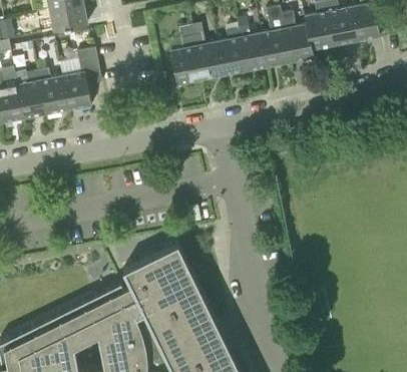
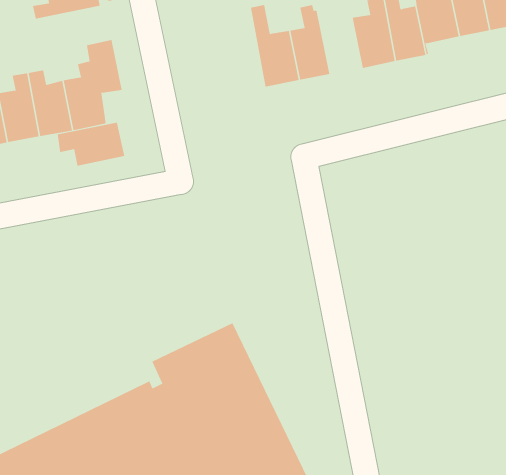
building: [170,25,200,85] -> none
building: [237,25,268,71] -> none
building: none -> [57,122,125,166]

